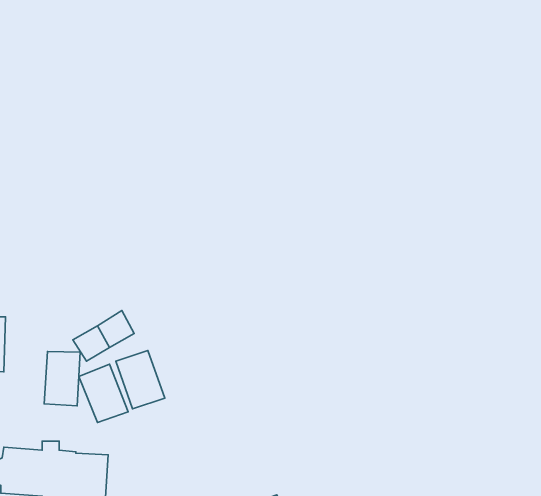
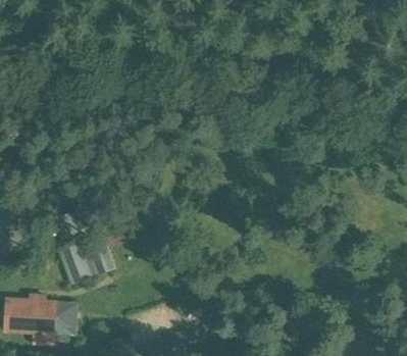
building: [44,352,80,406] -> none

